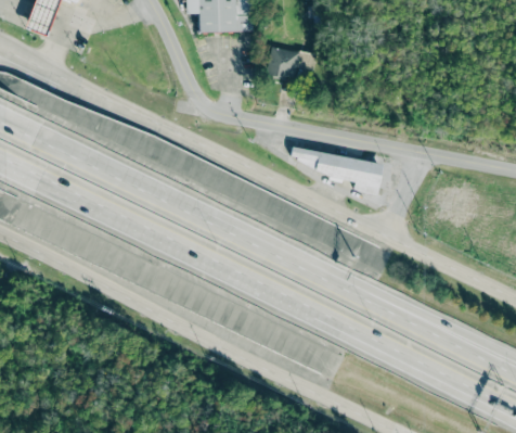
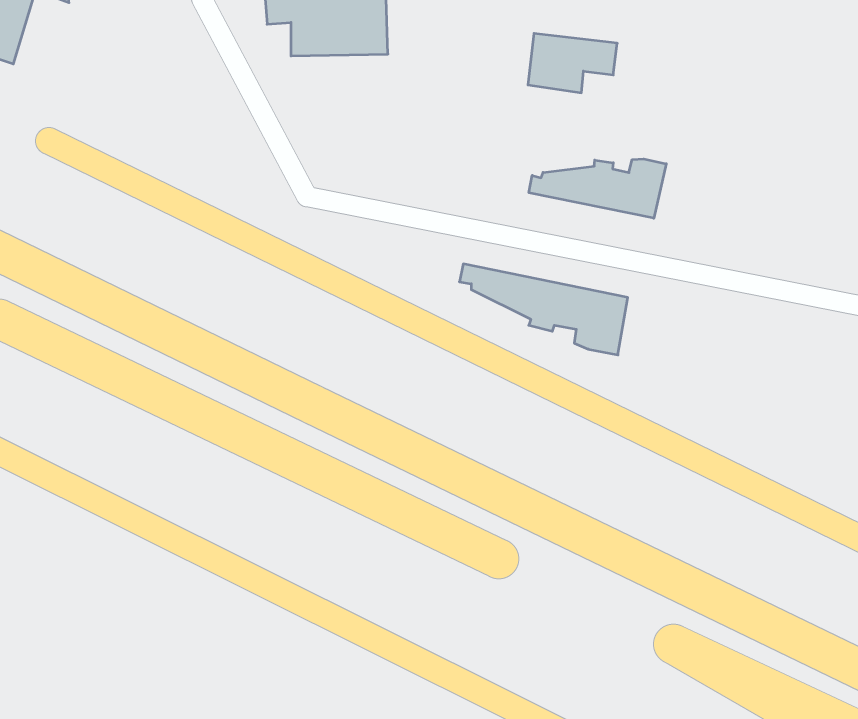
building: [267,48,315,80] -> [528,33,617,93]
building: none -> [529,159,666,218]

